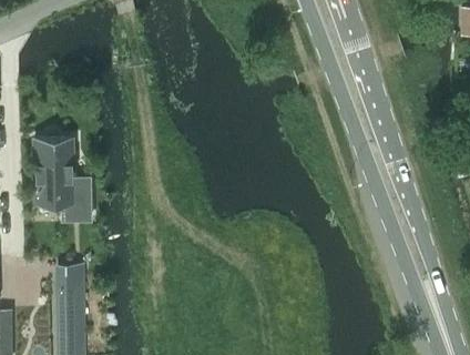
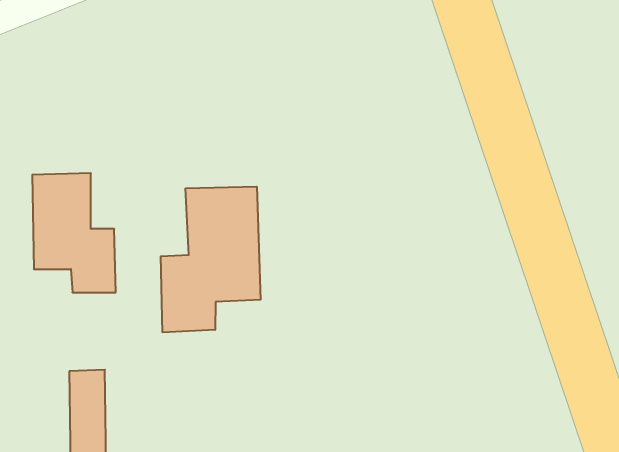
building: none -> [161,187,260,332]

